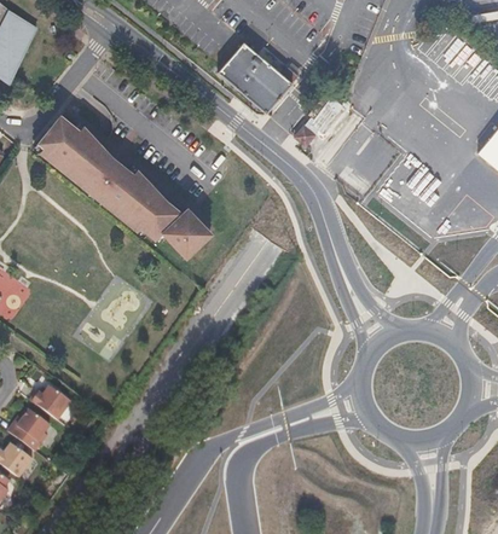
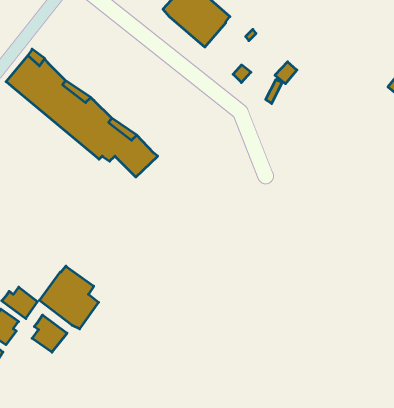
building: none -> [39,266,99,329]
building: none -> [32,315,67,352]

